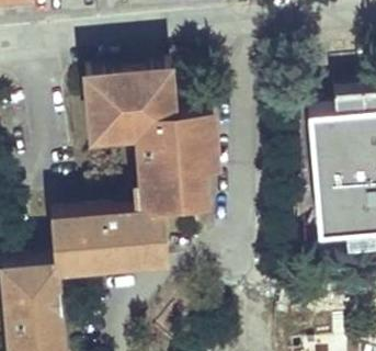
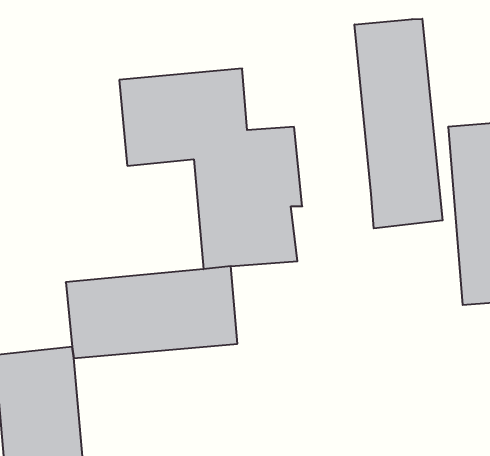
building: none -> [355,19,443,228]

